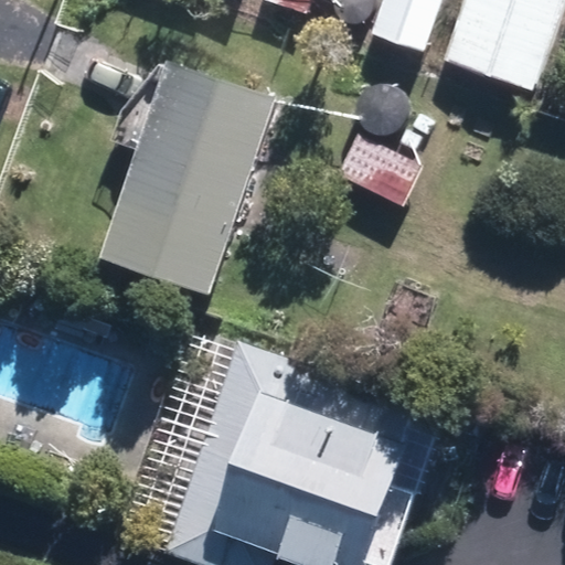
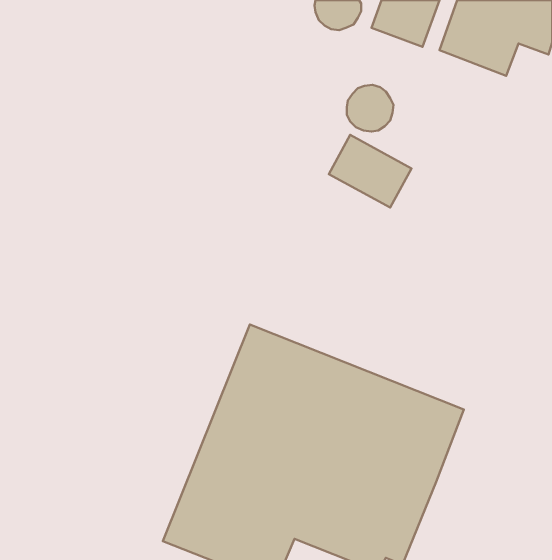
building: [110,49,292,286] -> none

